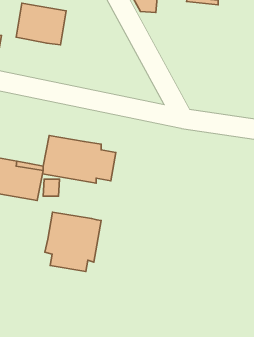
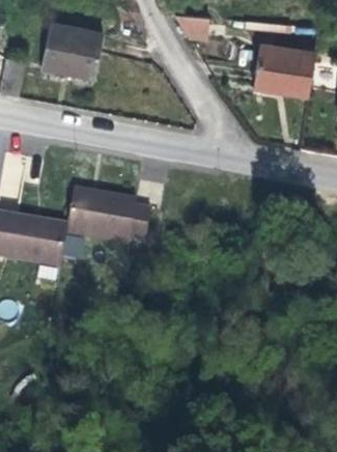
building: none -> [254,38,316,91]
building: [45,212,101,271] -> none

